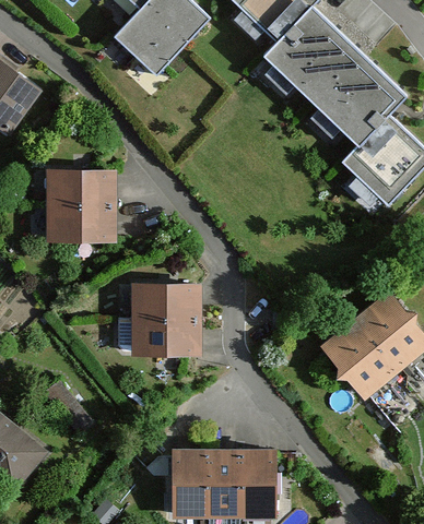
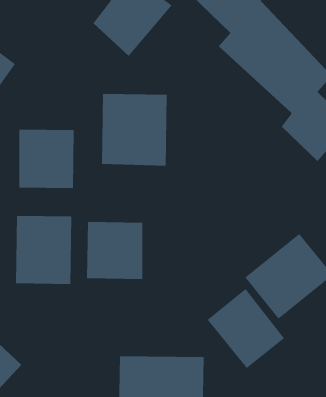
building: none -> [102,93,167,166]
building: none -> [16,215,72,285]
building: none -> [207,288,285,369]

